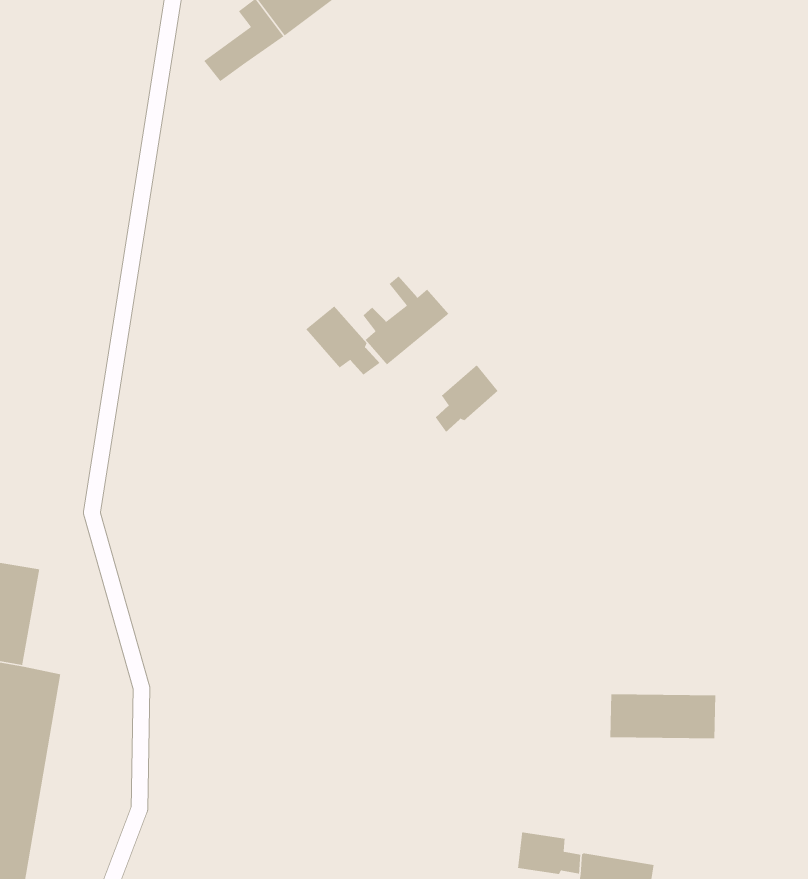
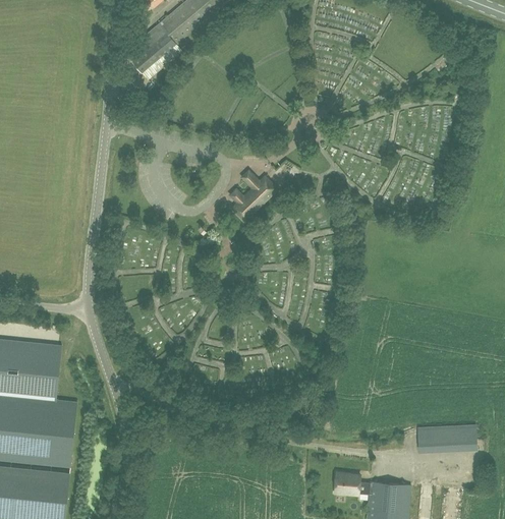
building: [305,305,380,375] -> none
building: [435,364,499,433] -> none
building: [609,693,716,739] -> [416,424,475,452]

